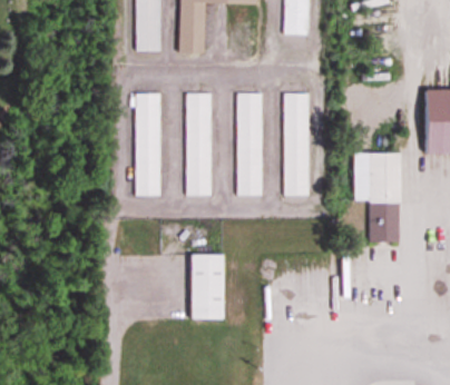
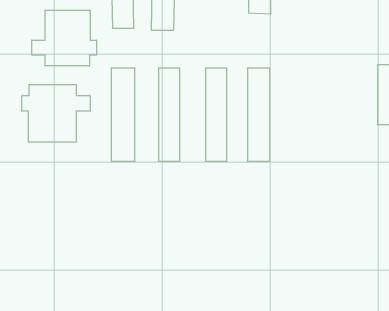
building: none -> [32,10,96,66]
building: none -> [22,84,90,142]
building: [354,152,400,241] -> none
building: [192,254,223,318] -> none

